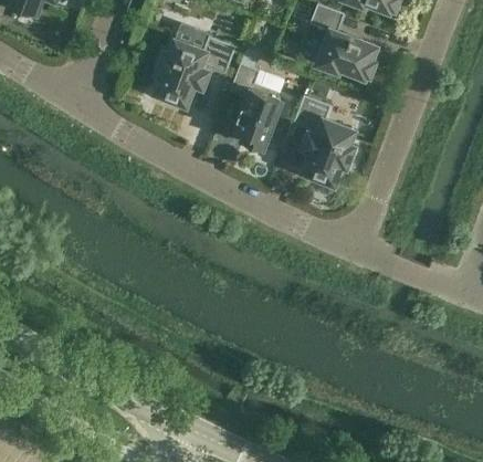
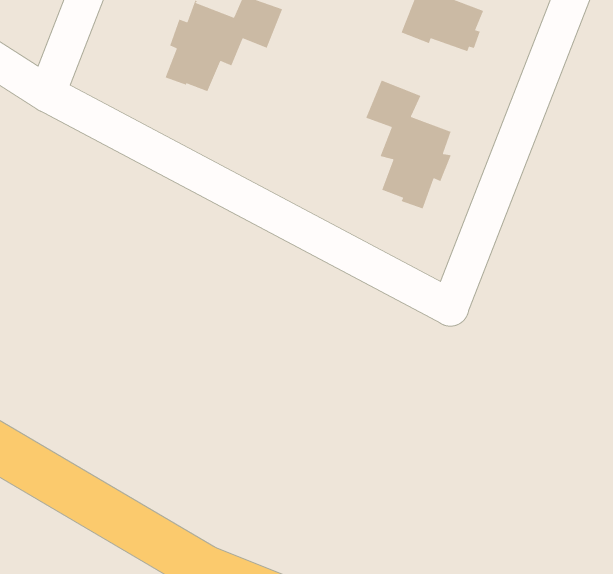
building: [230,63,283,149] -> none

